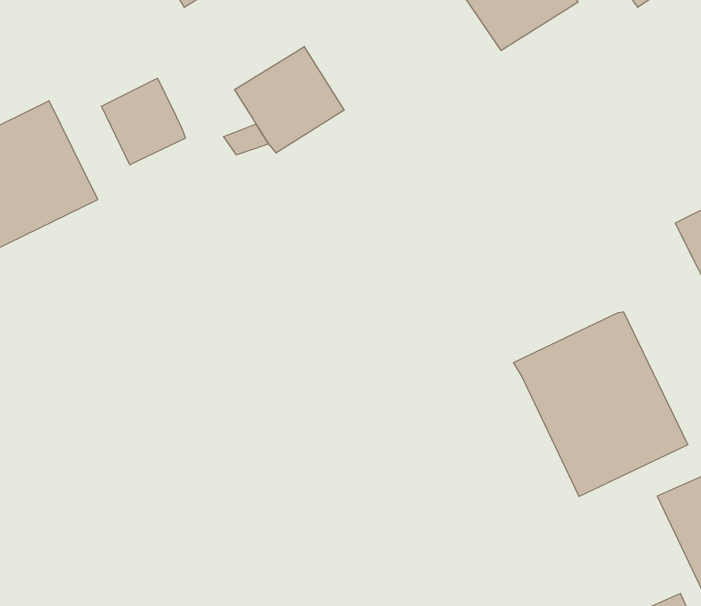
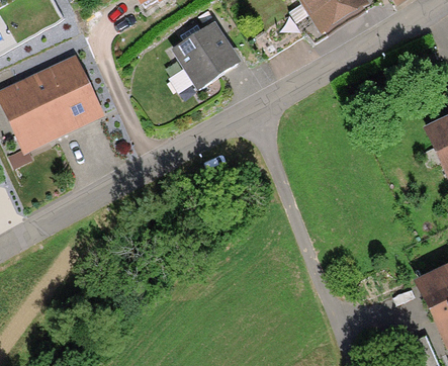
building: [101,78,185,165] -> none
building: [514,312,688,497] -> none

